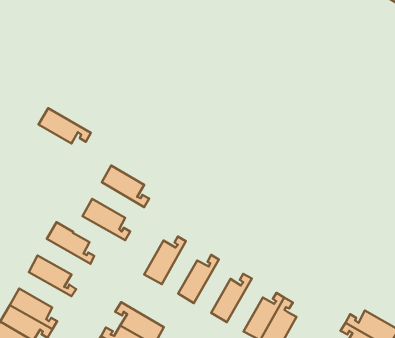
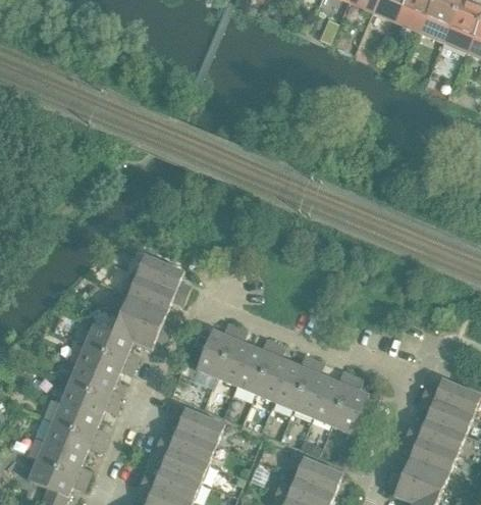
building: [39,108,91,144] -> [128,273,186,309]
building: none -> [112,313,170,349]
building: none -> [76,343,136,378]
building: none -> [216,326,252,385]
building: none -> [254,342,290,401]
building: none -> [61,382,119,417]
building: none -> [292,358,328,417]

